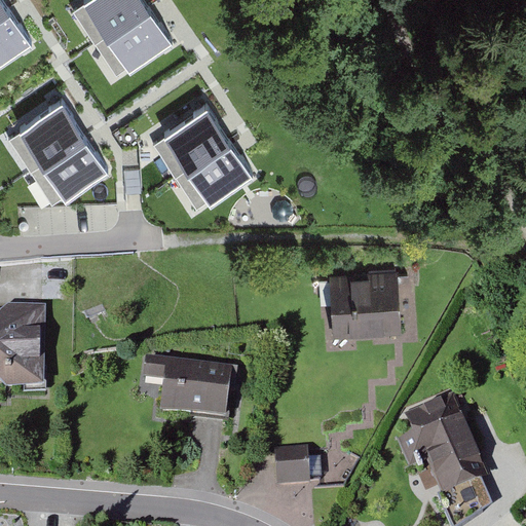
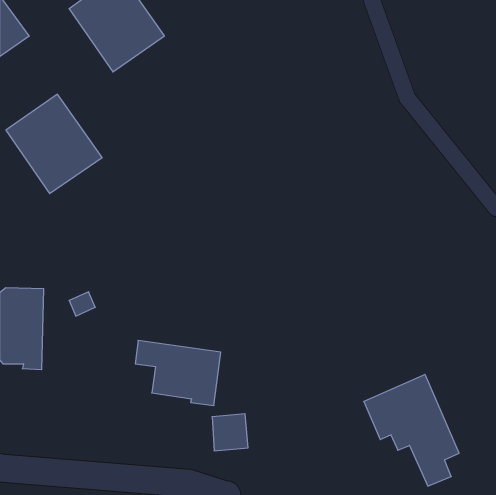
building: [151,104,252,208] -> none
building: [330,274,402,334] -> none
building: [274,448,312,487] -> [212,414,248,451]

